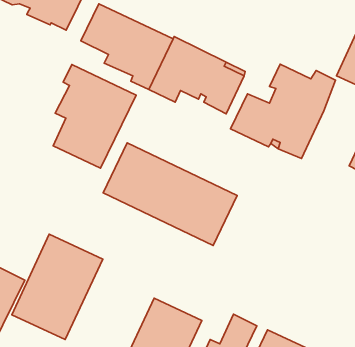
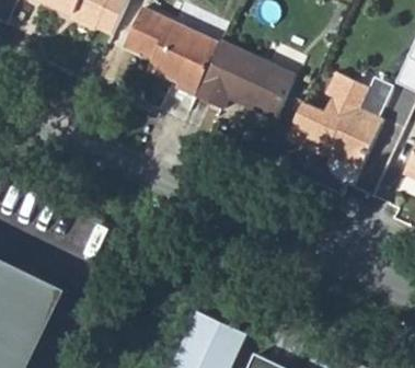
building: [53,64,136,168] -> none
building: [103,143,237,246] -> none
building: [12,234,103,340] -> none

